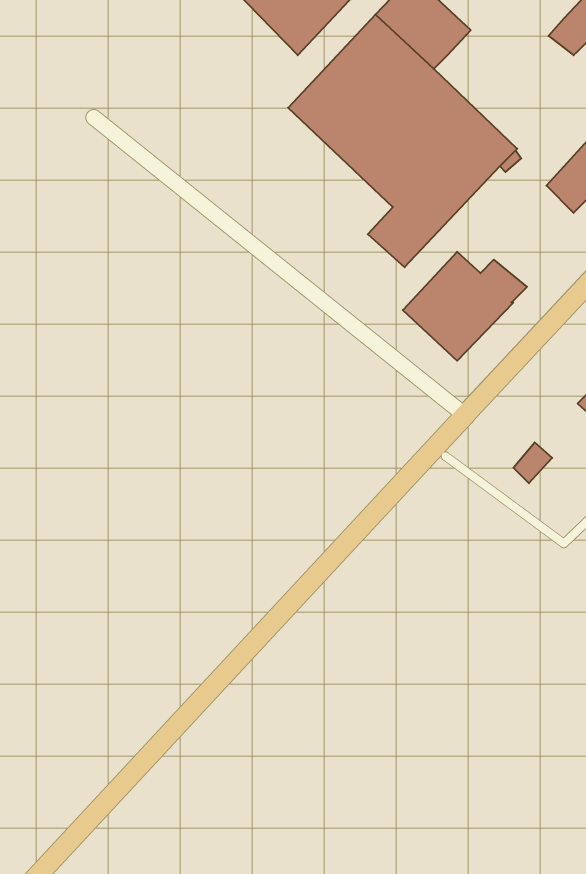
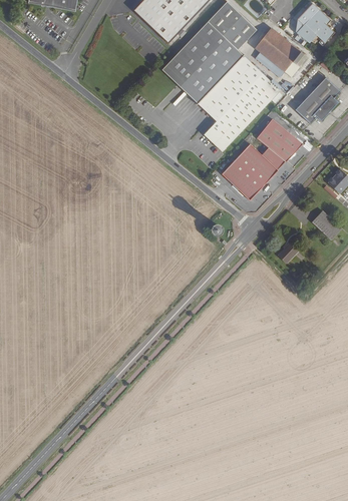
building: none -> [254,27,306,76]
building: none -> [256,118,302,161]

